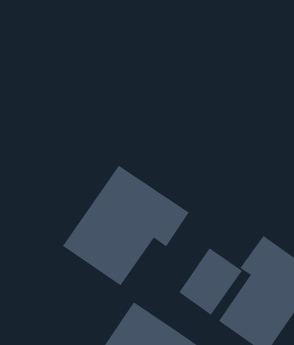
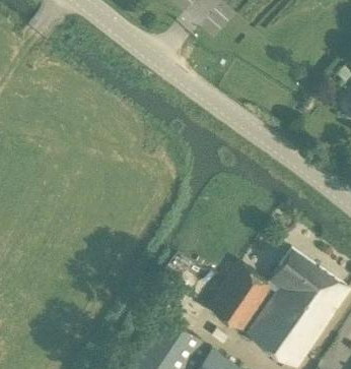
building: [62,165,189,286] -> none

